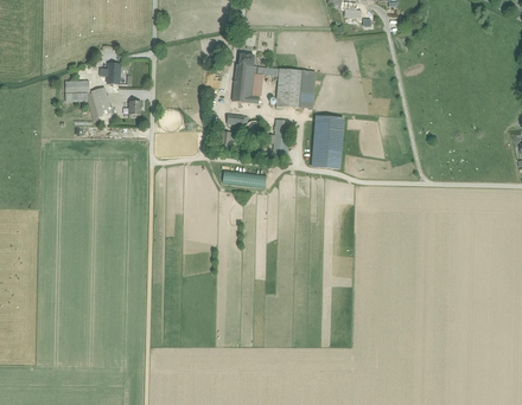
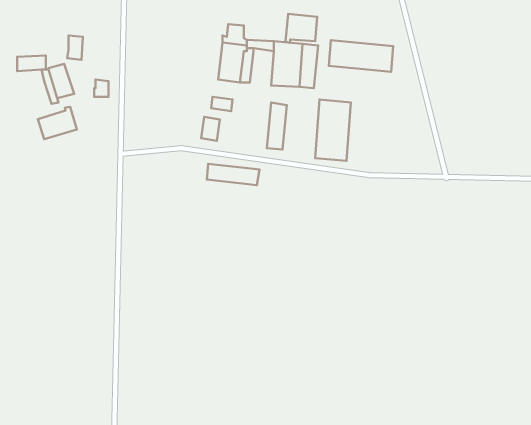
building: none -> [285,14,317,43]
building: none -> [329,40,393,72]
building: none -> [38,107,77,139]

